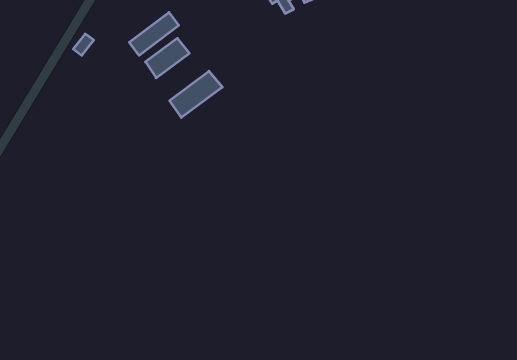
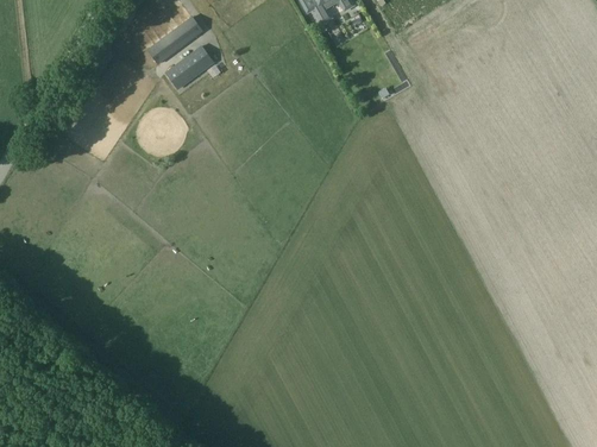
building: [170,71,222,118] -> none

